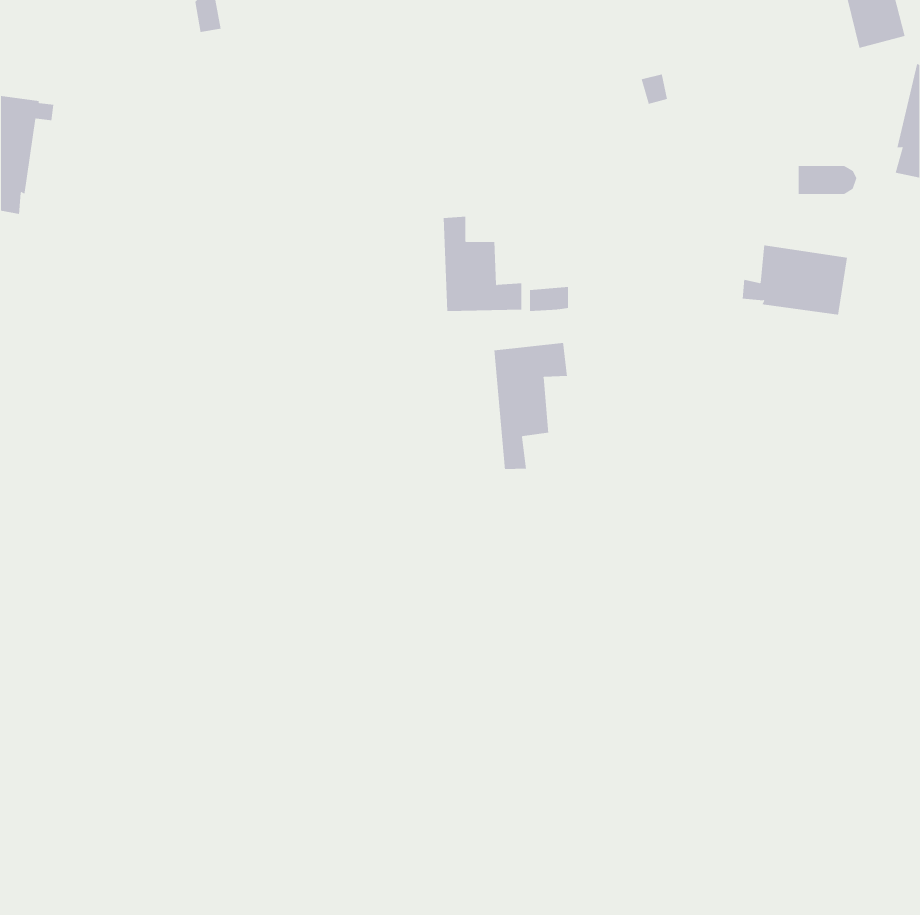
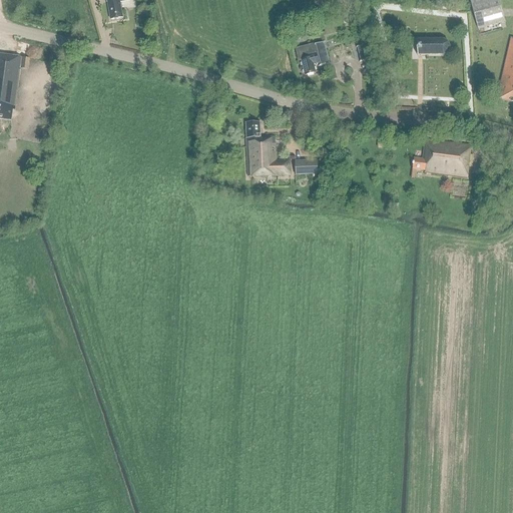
building: none -> [299,40,328,73]
building: [798,166,857,194] -> [418,37,451,53]
building: [494,342,567,470] -> none

